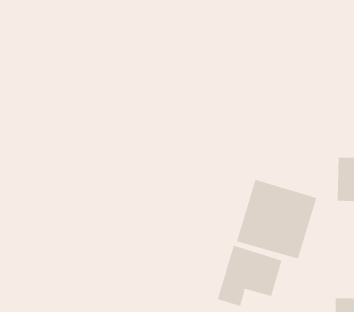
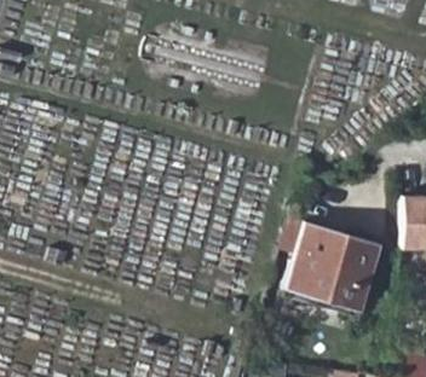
building: [217,245,282,307] -> none

